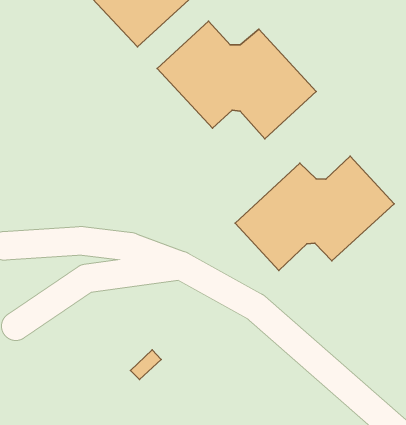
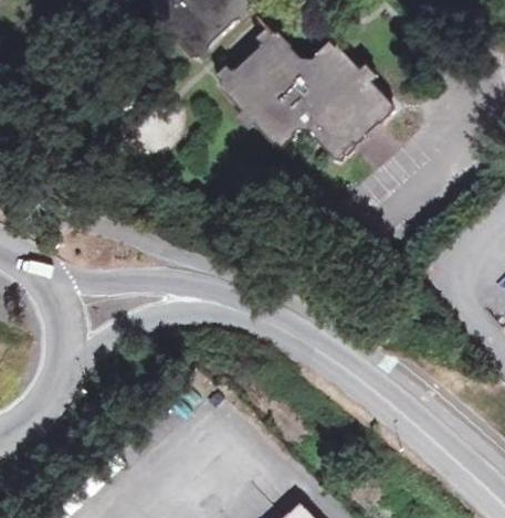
building: [235,156,394,271] -> none

